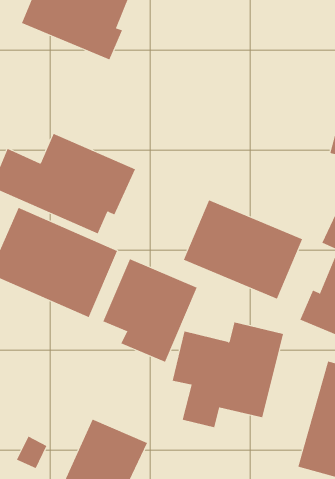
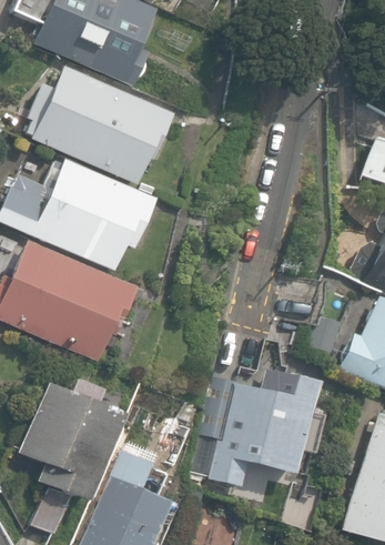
building: none -> [33,65,173,185]
building: [183,199,303,299] -> none
building: [103,259,197,363] -> [20,383,125,498]

